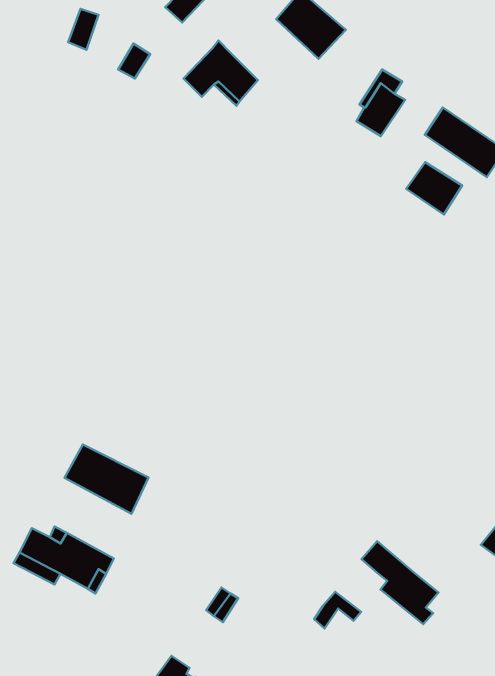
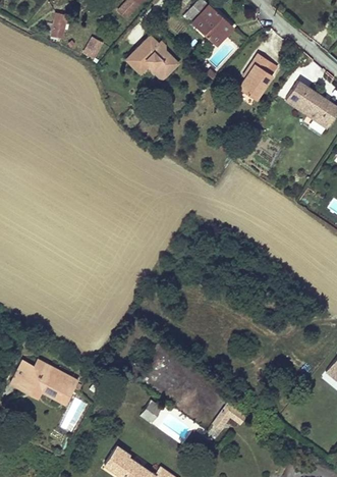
building: [406,162,462,215] -> none
building: [64,445,148,514] -> none
building: [361,541,439,624] -> none

